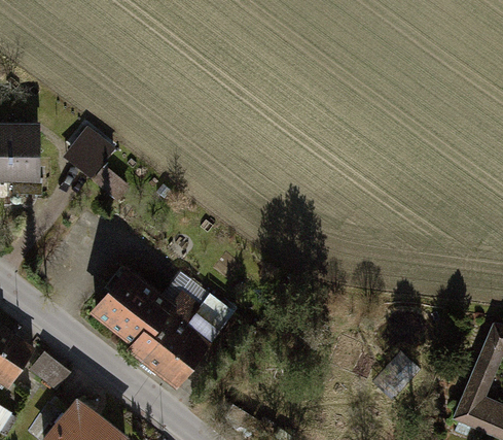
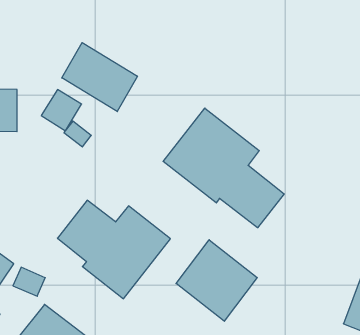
building: none -> [62,43,137,112]
building: none -> [163,108,284,228]
building: none -> [176,240,257,321]

